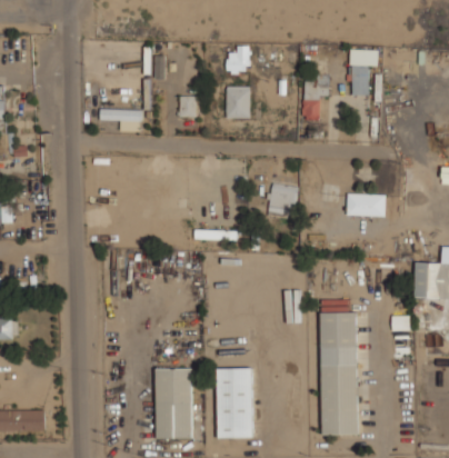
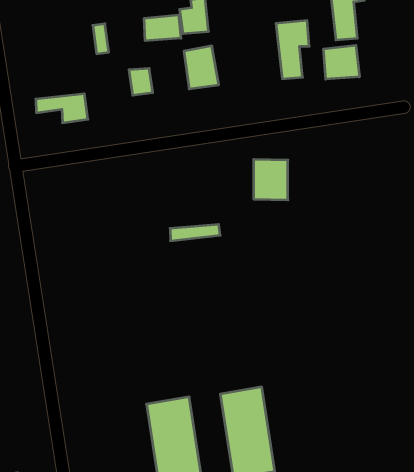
building: none -> [144,15,181,41]
building: none -> [324,45,359,79]
building: [346,193,386,216] -> none
building: [320,312,358,435] -> none

